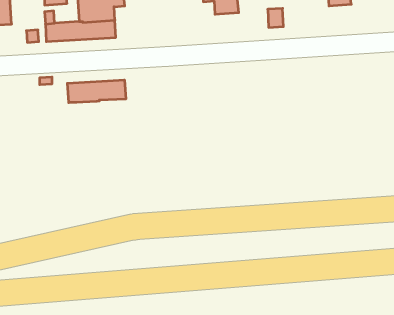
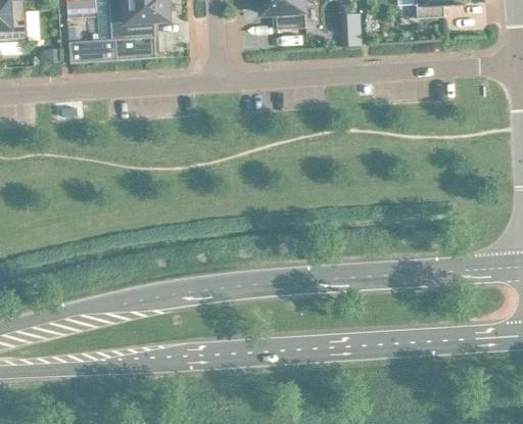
building: [67,80,126,103] -> none

